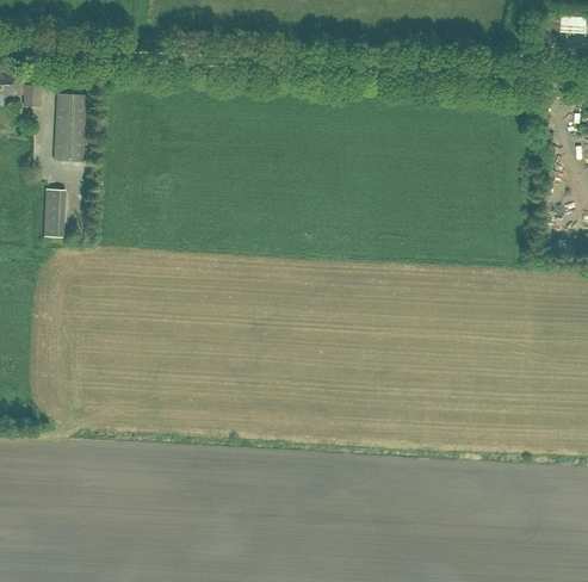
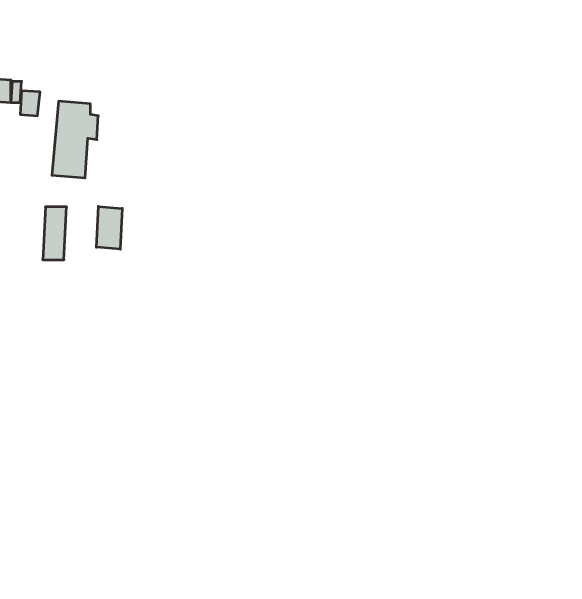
building: none -> [96,206,122,249]

